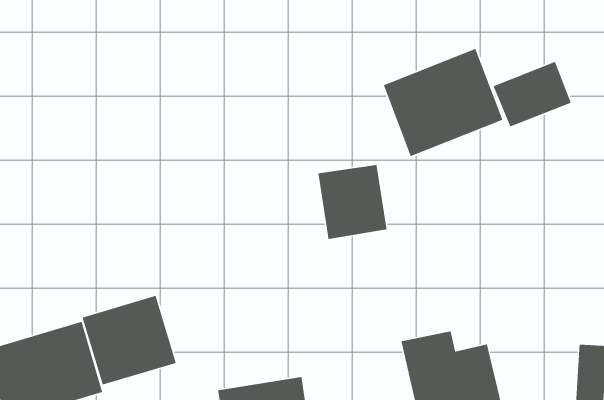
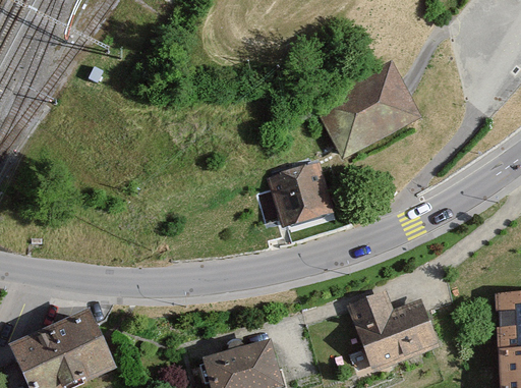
building: [493,61,572,127] -> none
building: [82,295,177,386] -> none

